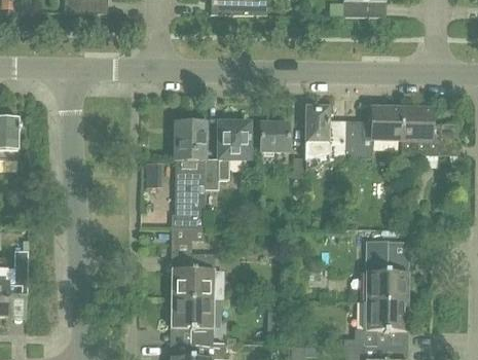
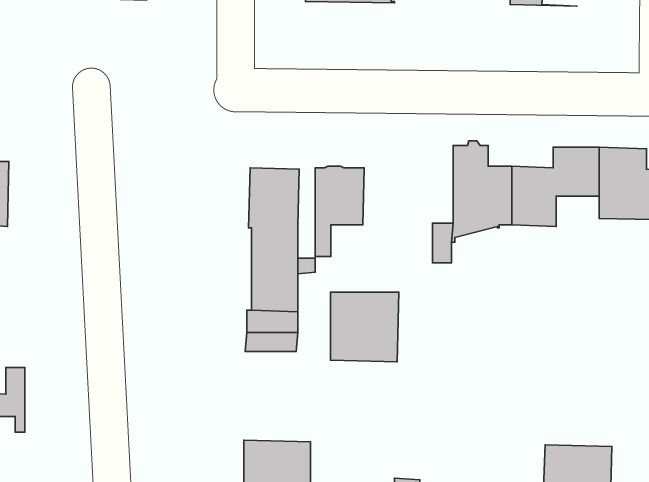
building: [259,121,288,151] -> none
building: [365,240,409,301] -> none
building: [170,253,214,298] -> [331,292,399,362]

